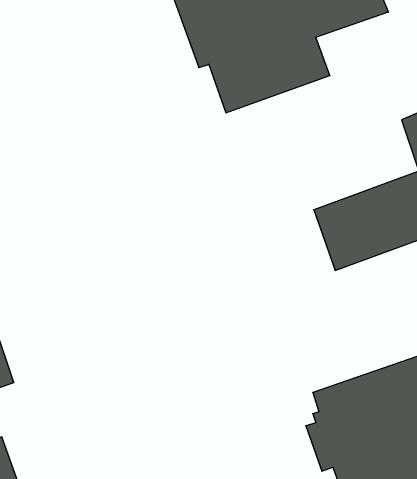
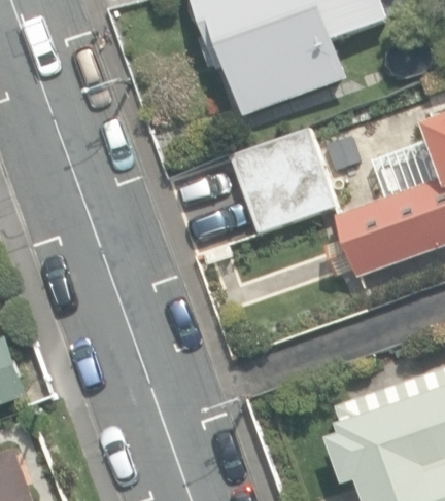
building: none -> [229,130,334,234]

